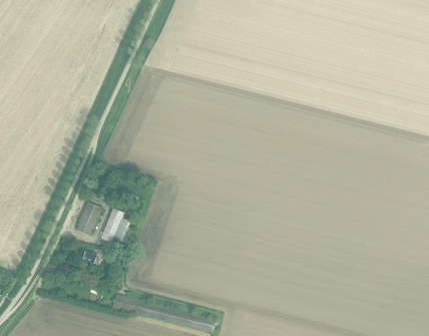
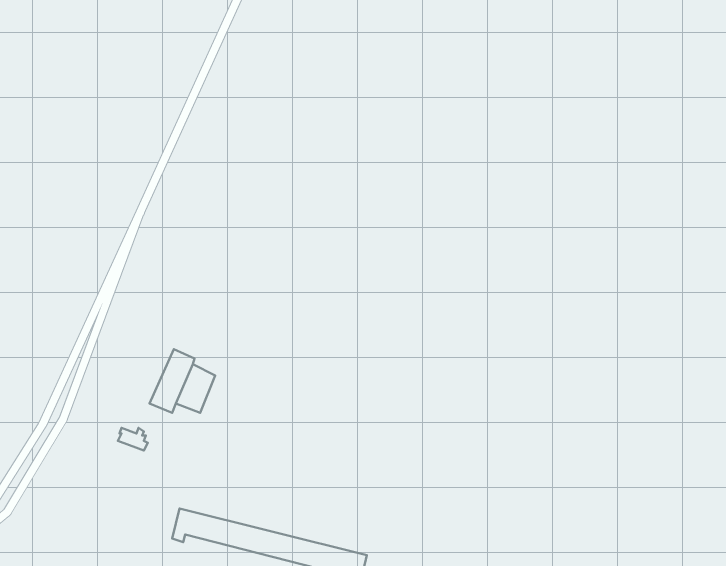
building: [75,201,101,234] -> none

